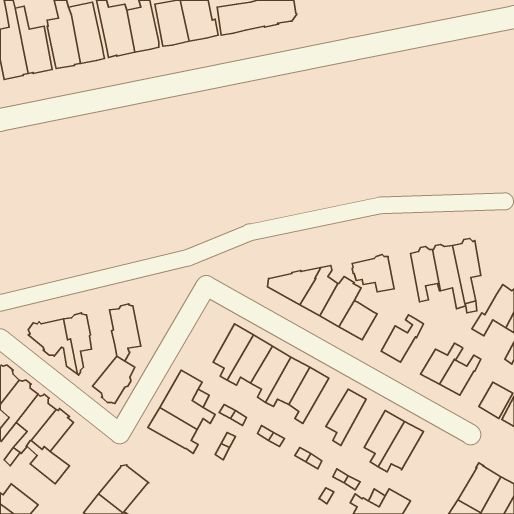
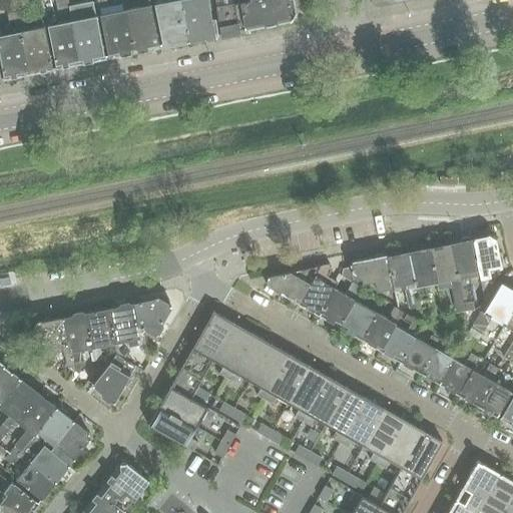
building: none -> [473,233,501,305]
building: none -> [387,251,419,310]
building: none -> [132,296,170,345]
building: none -> [361,307,402,350]
building: none -> [86,308,114,366]
building: none -> [180,312,233,381]
building: none -> [399,336,438,373]
building: none -> [458,365,498,405]
building: none -> [302,377,347,427]
building: none -> [340,398,384,448]
building: none -> [50,421,89,464]
building: none -> [388,430,442,499]
building: none -> [16,462,55,499]

